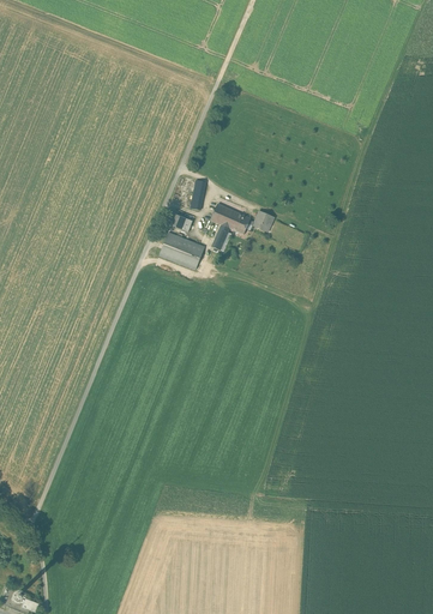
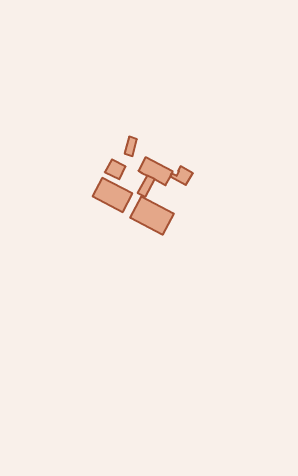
building: none -> [130,196,174,235]

